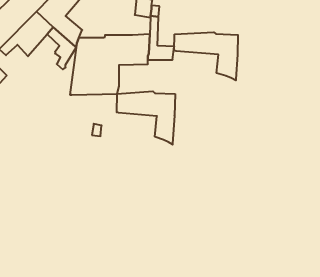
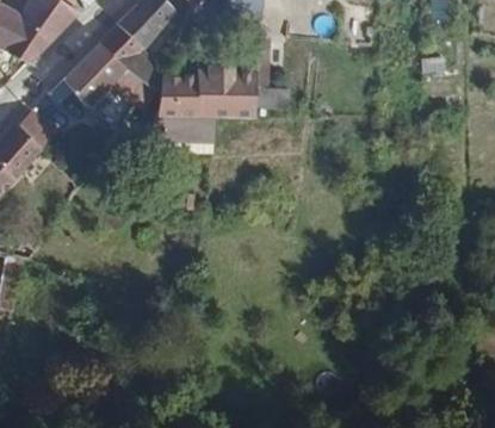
building: [174,32,238,80] -> none
building: [117,91,175,145] -> none

